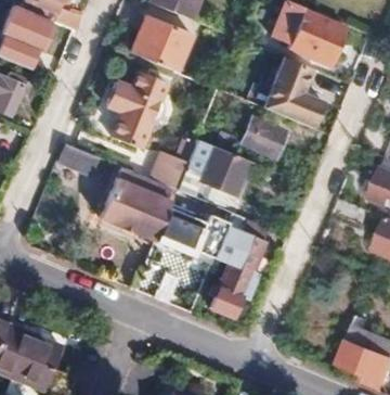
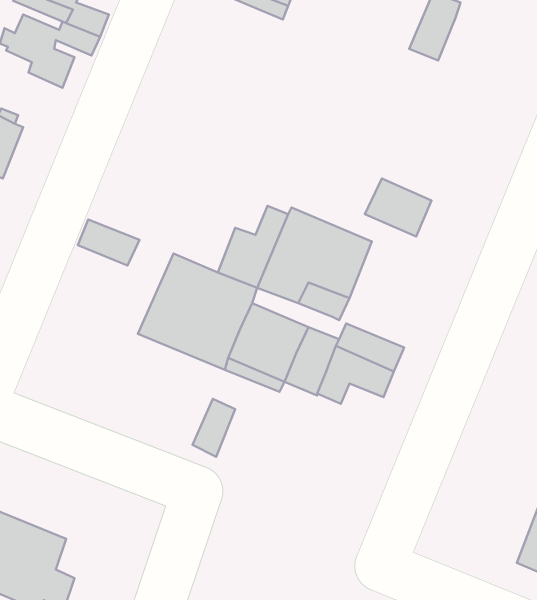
building: [287,10,346,65] -> none
building: [130,15,191,69] -> none
building: [263,55,324,127] -> none
building: [106,71,167,146] -> none
building: [208,249,255,315] -> none

